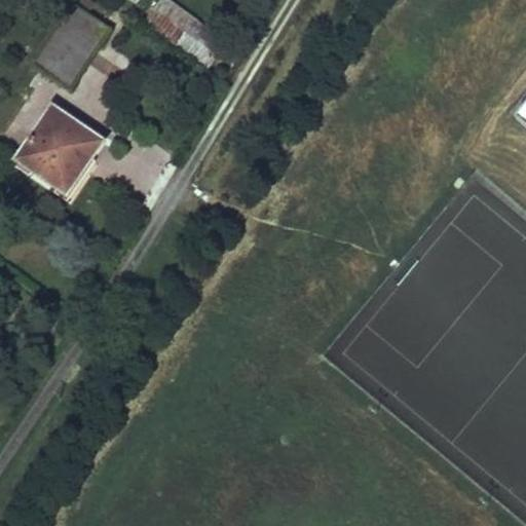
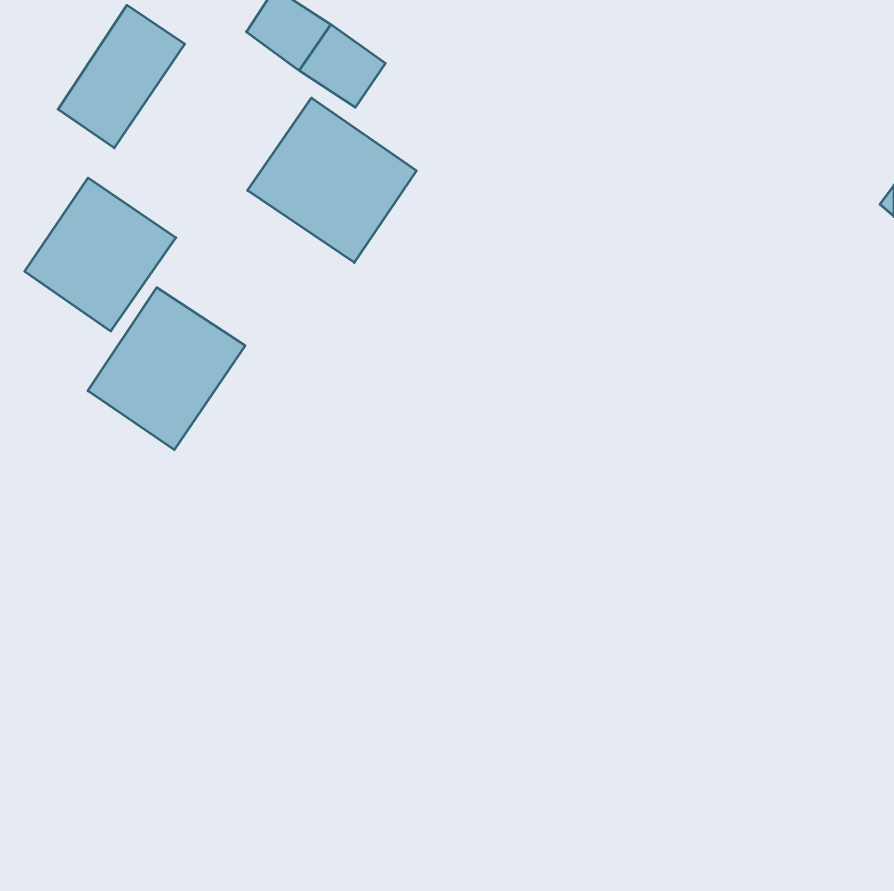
building: none -> [248,98,416,263]
building: none -> [88,288,245,450]

